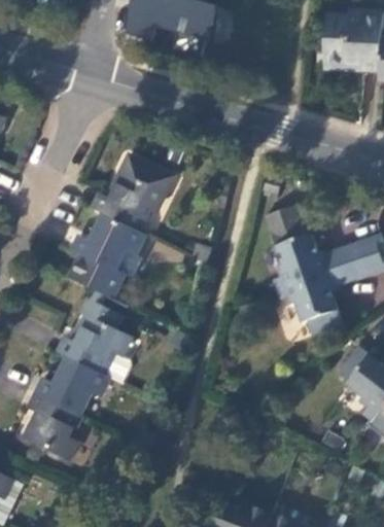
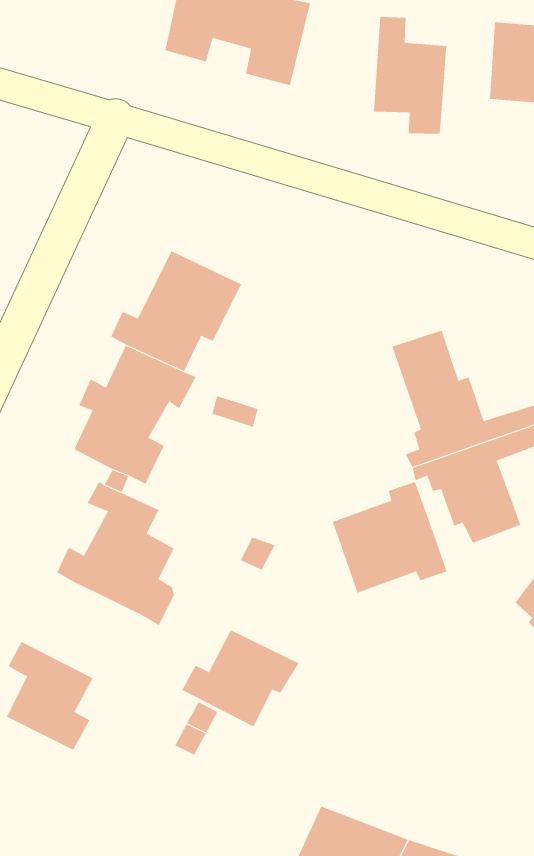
building: none -> [374,16,447,134]
building: none -> [332,481,447,594]
building: [37,357,109,417] -> [182,629,299,727]

